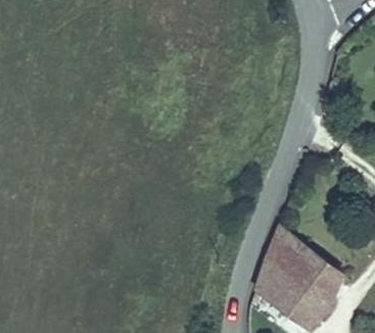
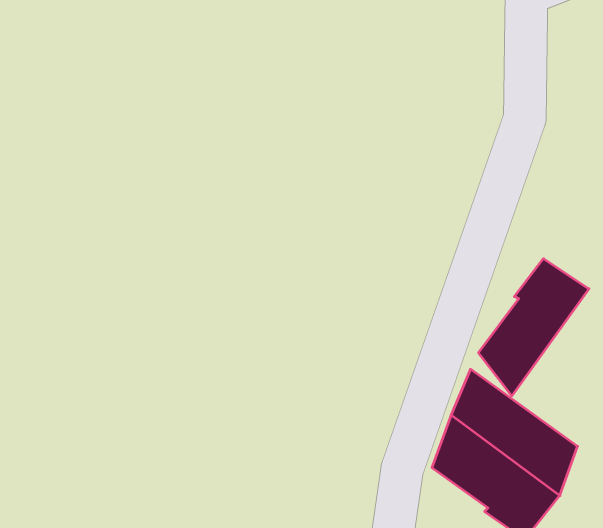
building: none -> [479,259,589,396]

